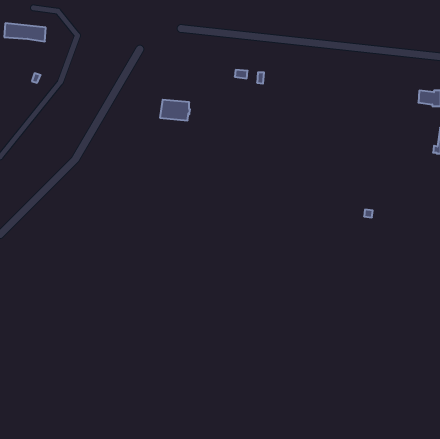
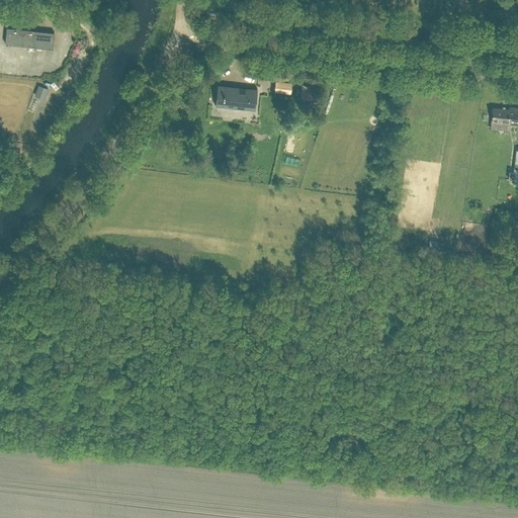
building: [160,100,190,120] -> [215,86,251,110]

